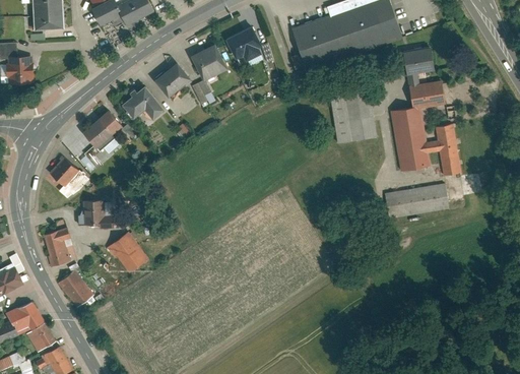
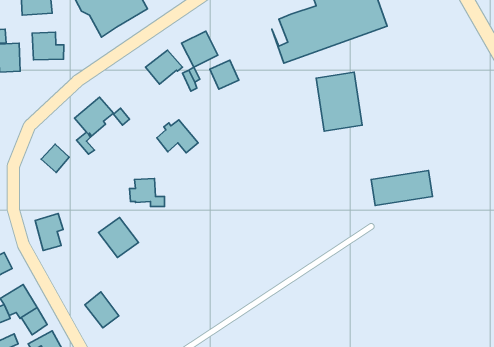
building: [228,23,257,53] -> [210,60,239,89]
building: none -> [32,32,64,60]
building: [404,49,447,105] -> none
building: [125,85,167,119] -> [157,120,198,153]
building: [391,109,458,176] -> none
building: [79,199,115,228] -> [130,178,165,207]
building: [59,269,93,306] -> [85,292,119,328]

